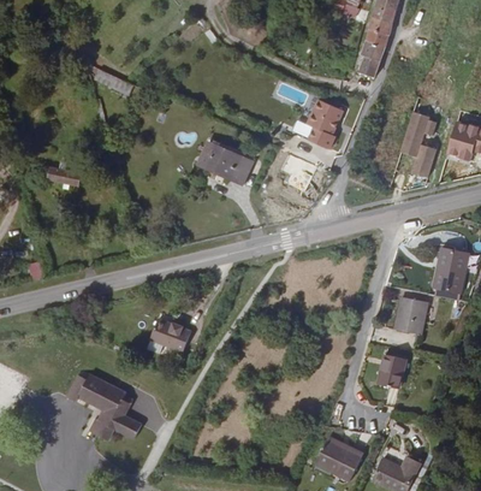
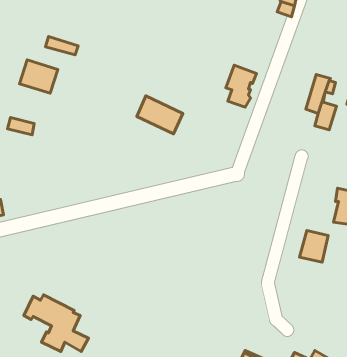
building: [358,41,384,77] -> none
building: none -> [19,60,58,93]
building: [148,317,192,353] -> none
building: [380,354,408,386] -> none

